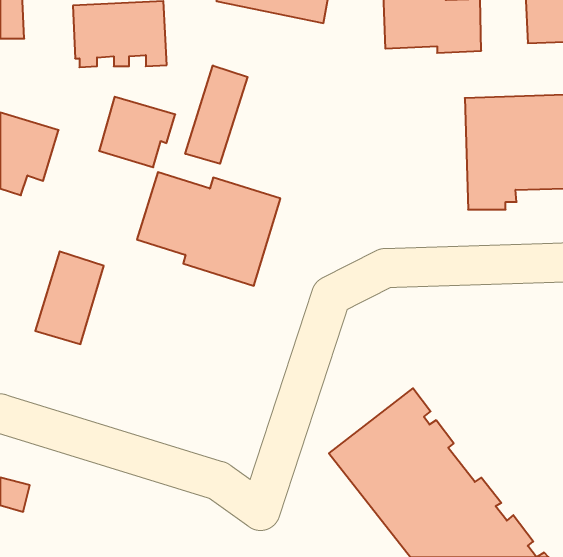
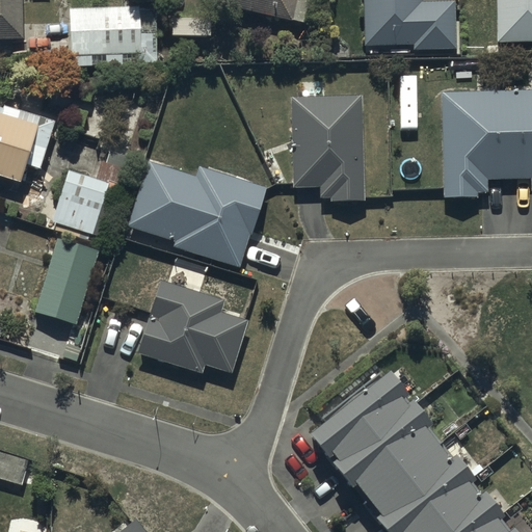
building: [185,65,248,164] -> none
building: [99,97,175,167] -> [53,169,125,236]
building: none -> [290,95,364,201]
building: none -> [137,278,247,374]

